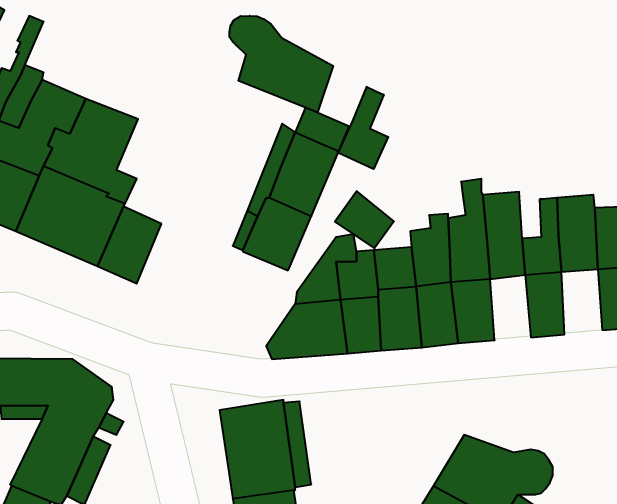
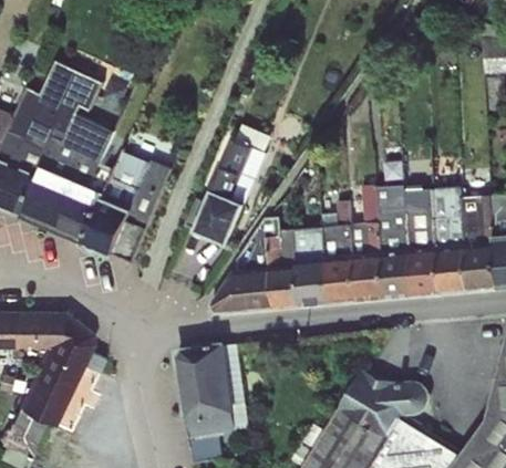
building: [229,16,333,112] -> none
building: none -> [41,62,104,115]
building: [338,87,388,169] -> none
building: none -> [103,153,171,261]
building: [335,191,394,248] -> none
building: none -> [436,245,467,294]
building: none -> [382,249,413,299]

